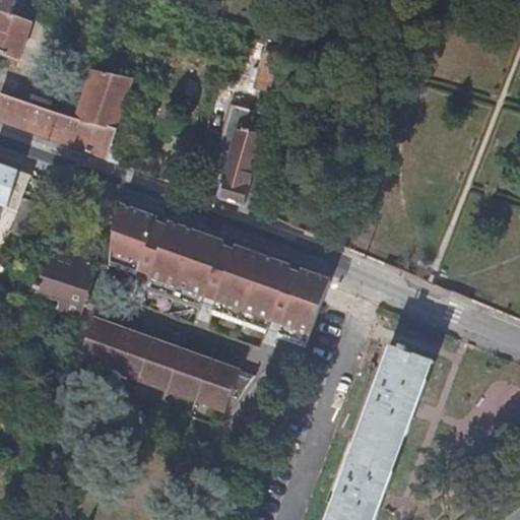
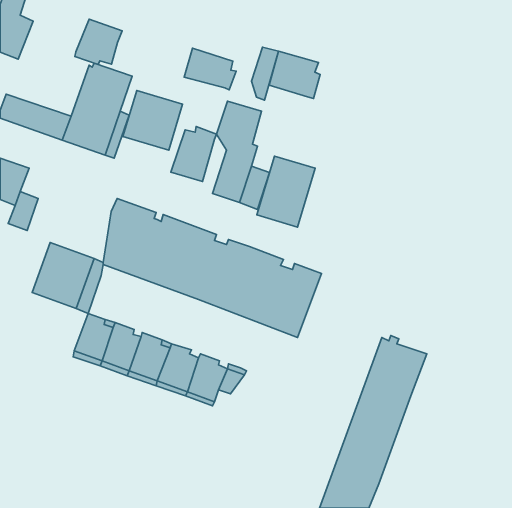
building: none -> [75,19,122,64]
building: none -> [184,48,236,90]
building: none -> [269,51,320,98]
building: none -> [123,90,183,150]
building: none -> [171,127,216,182]
building: none -> [257,156,315,227]

